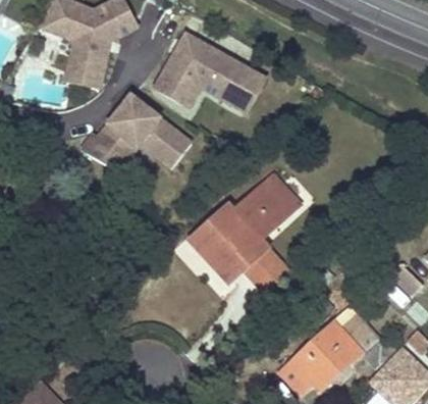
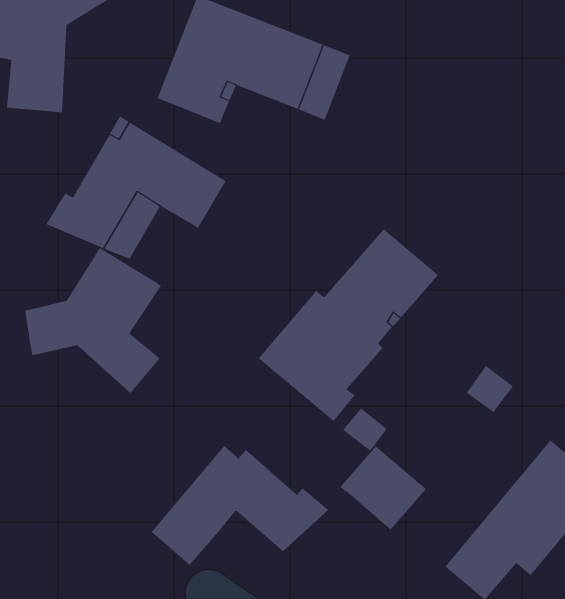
building: none -> [24,247,162,394]
building: [238,244,287,293] -> [340,446,427,531]
building: none -> [151,445,329,566]

